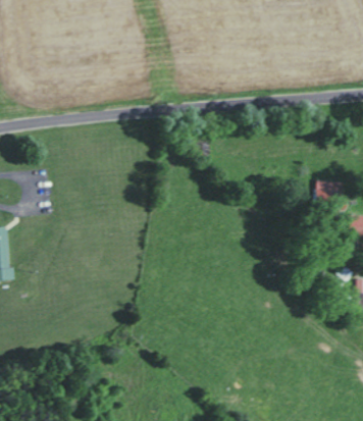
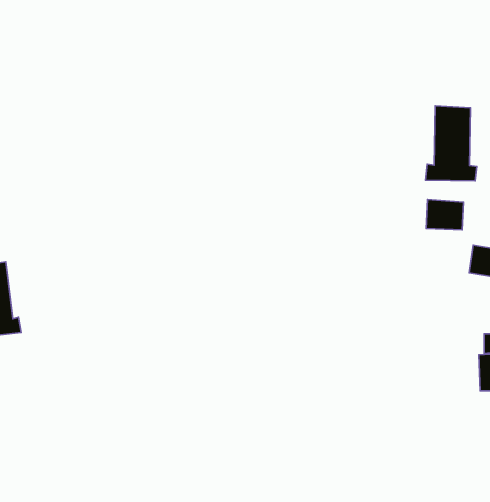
building: none -> [426,106,477,181]

